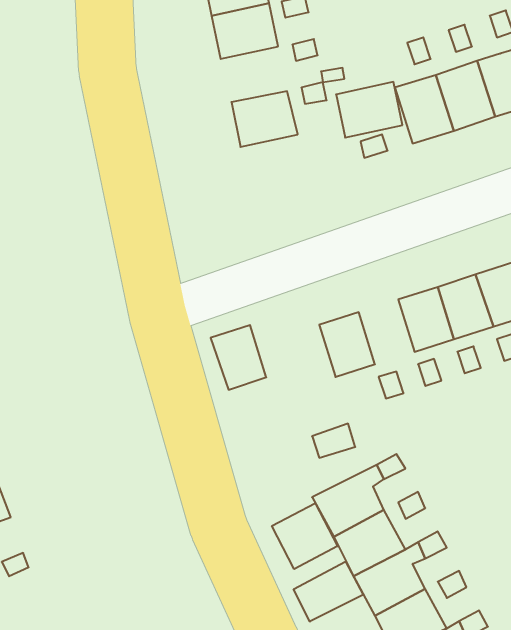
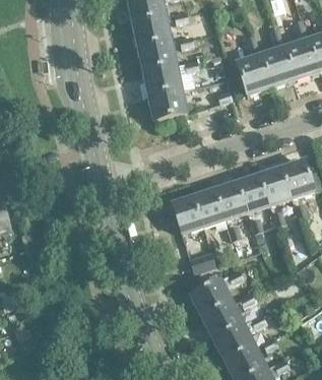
building: none -> [138,38,176,69]
building: [336,82,402,138] -> [149,87,187,119]
building: none -> [216,181,248,217]
building: [211,325,266,390] -> [172,195,203,232]
building: [272,503,338,569] -> none
building: [294,561,363,622] -> none

